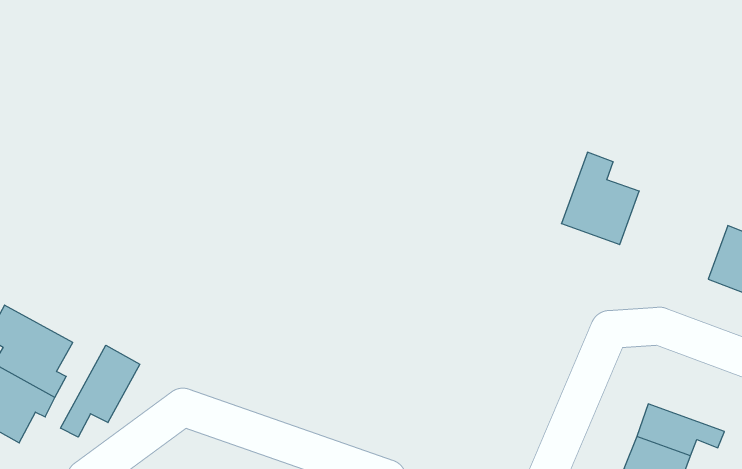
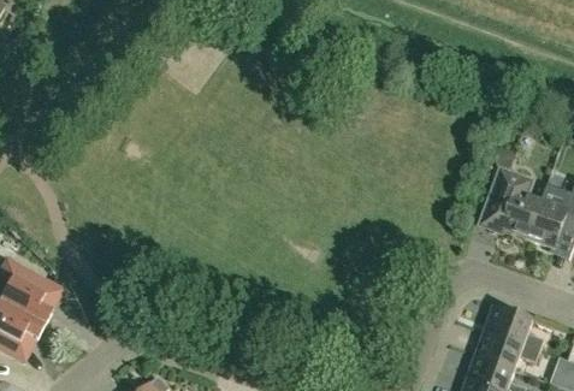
building: [561,152,639,245] -> [485,168,543,237]
building: [61,345,140,437] -> none
building: none -> [484,304,544,350]

